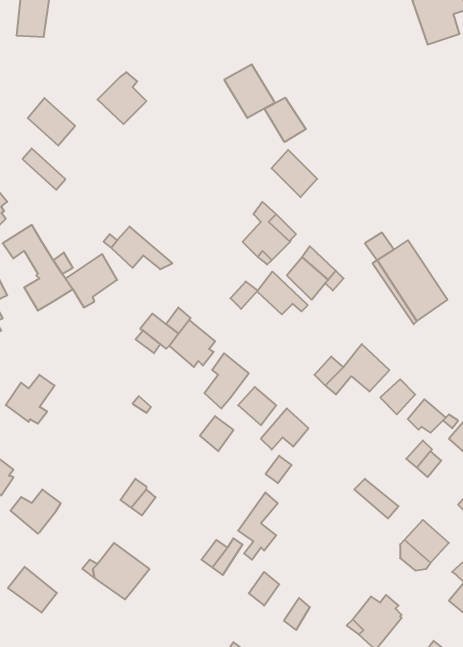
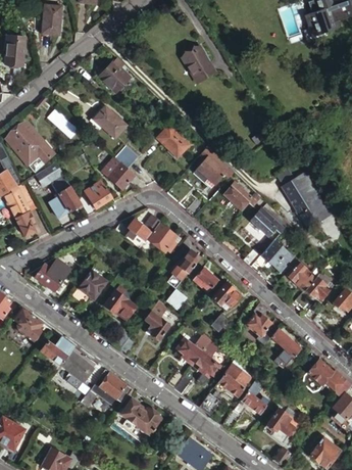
building: [265,98,306,142] -> none
building: [28,98,75,146] -> [94,106,125,138]
building: [271,150,317,197] -> [158,126,189,157]
building: [257,272,308,314] -> [252,207,286,236]
building: none -> [80,268,108,297]
building: none -> [105,285,136,320]
building: none -> [146,301,168,338]
building: none -> [246,303,278,343]
building: none -> [177,336,211,365]
building: none -> [217,359,251,395]
building: none -> [240,377,265,412]
building: [8,567,57,613] -> [60,351,93,382]
building: none -> [121,401,162,436]

